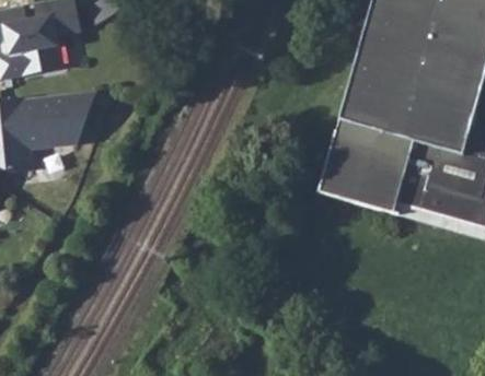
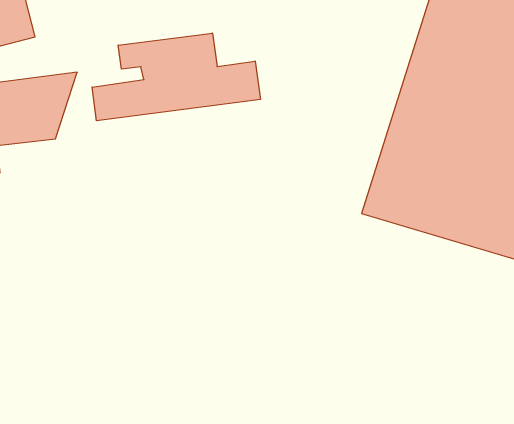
building: none -> [92,33,260,121]

